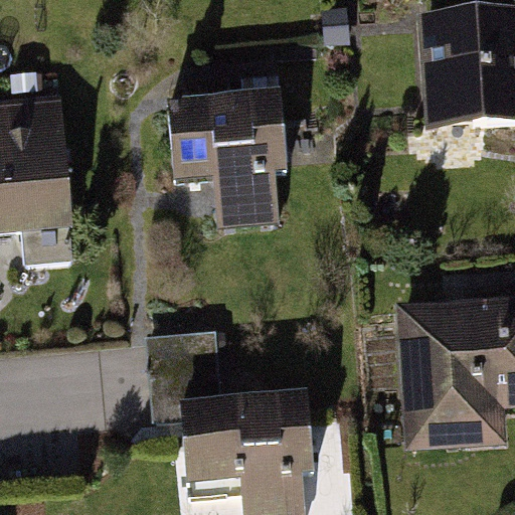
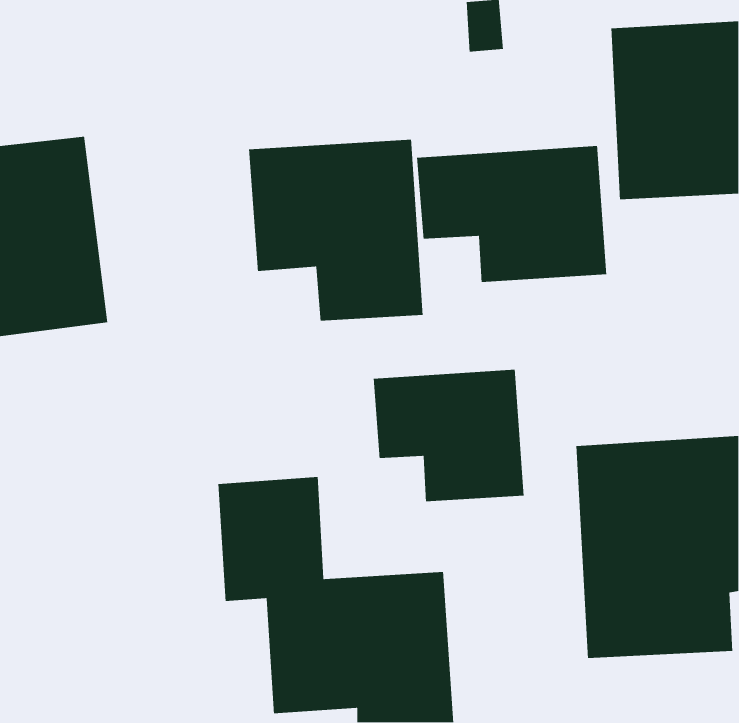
building: none -> [416,145,607,283]
building: none -> [373,369,524,502]

